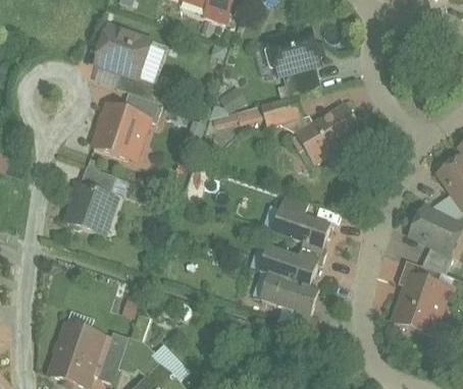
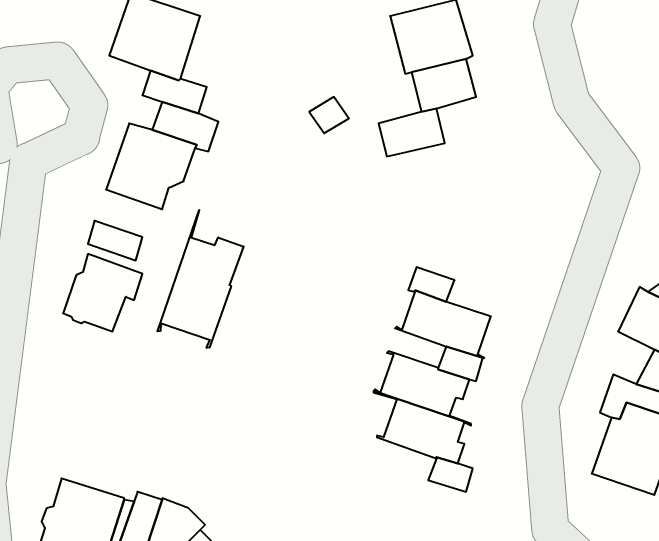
building: [293,102,364,162] -> none
building: none -> [157,210,244,348]

